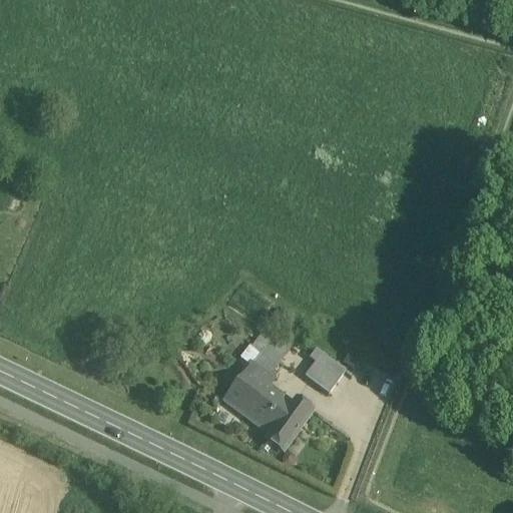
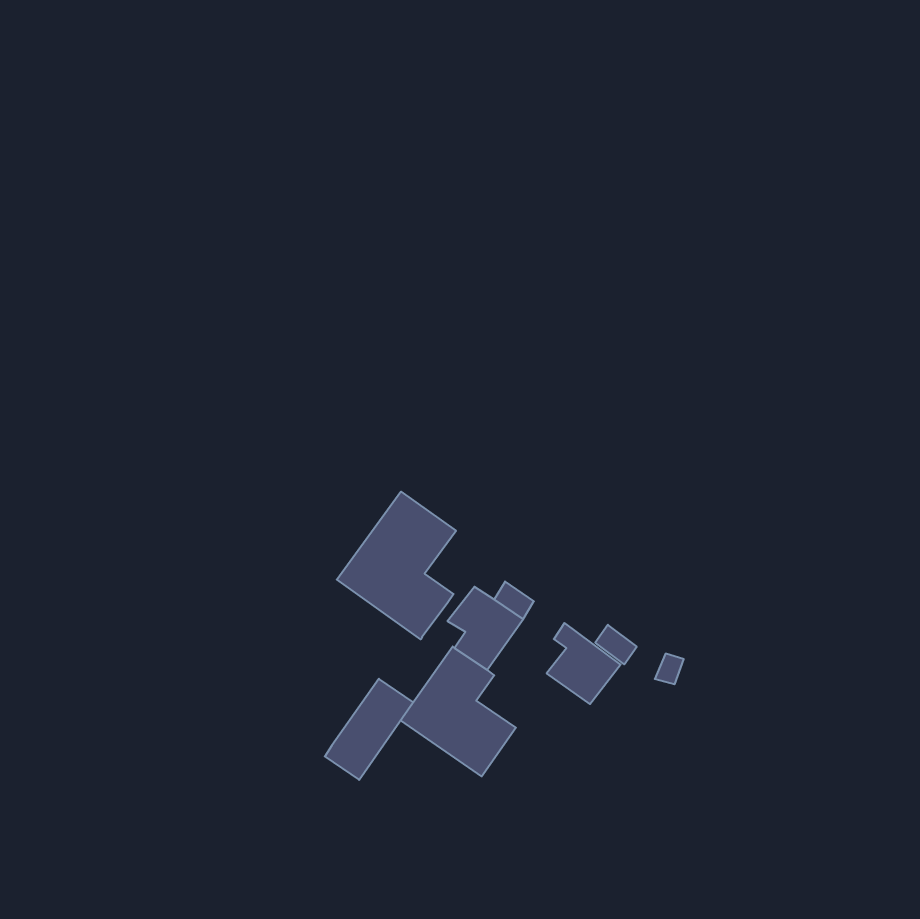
building: none -> [337,492,456,639]
building: [265,394,314,450] -> [325,679,413,780]

